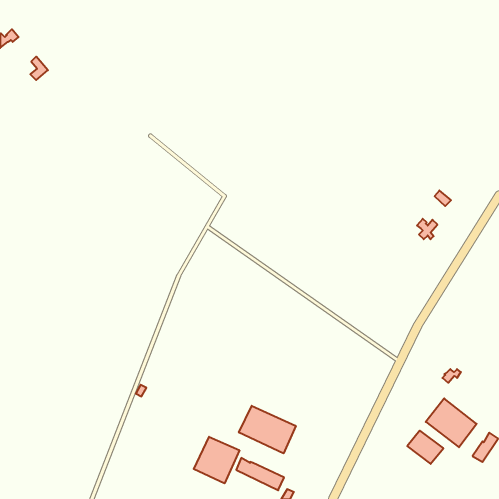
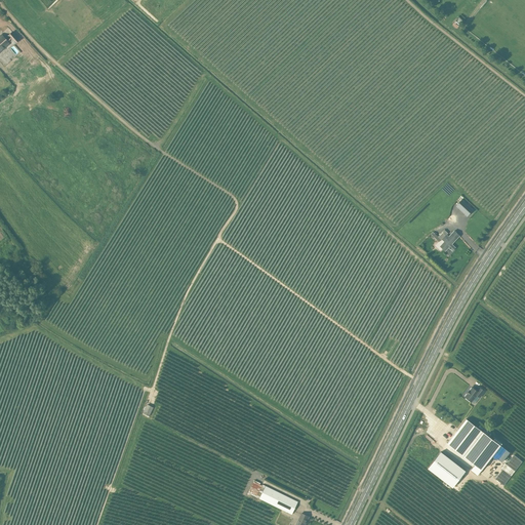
building: [239,406,296,453] -> none
building: [194,437,239,483] -> none

